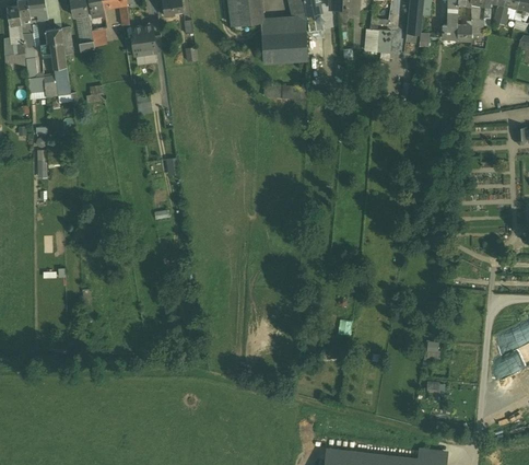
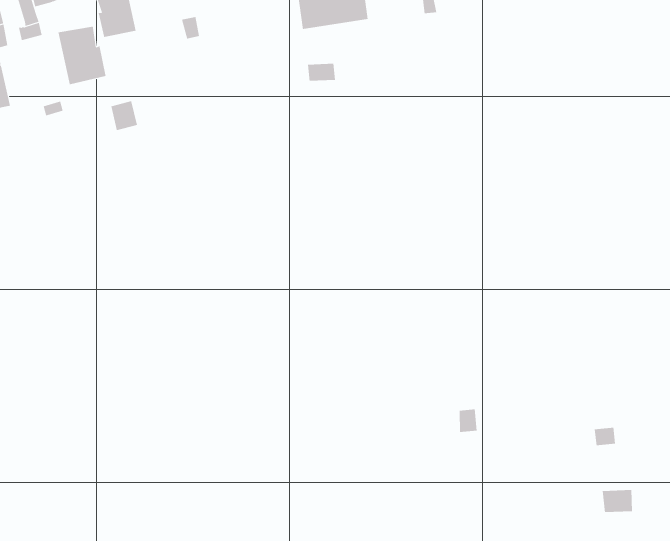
building: none -> [58,26,106,85]

